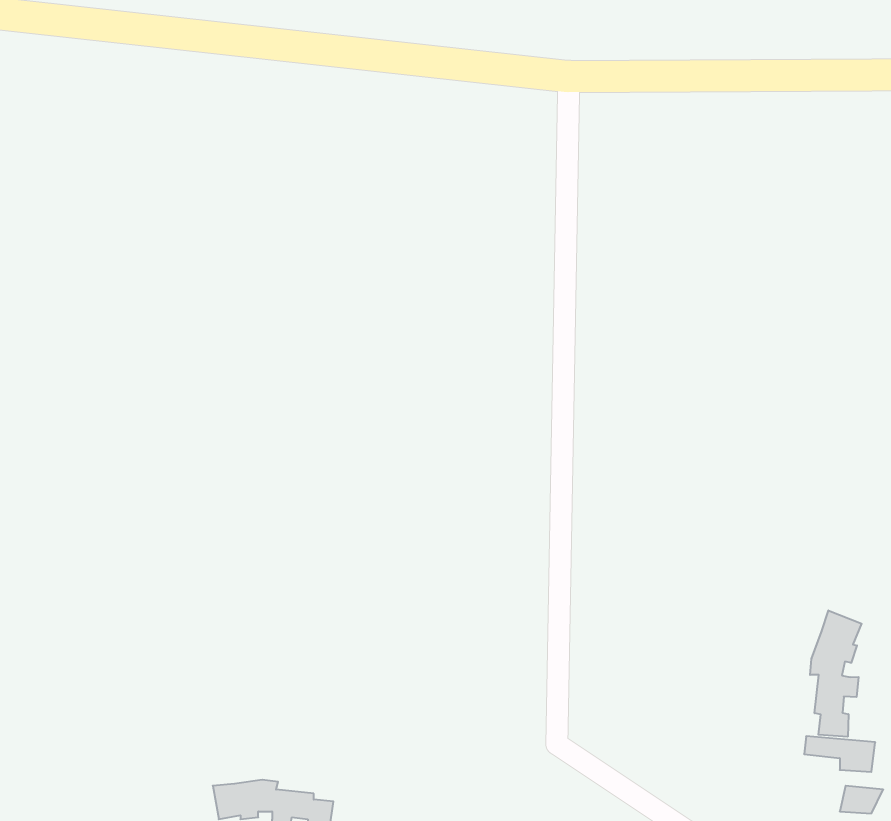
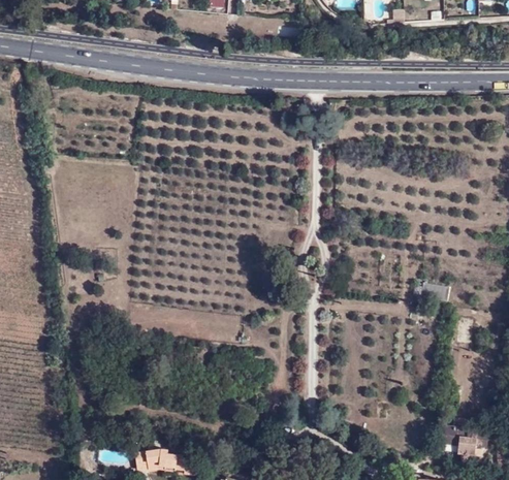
building: [810,610,862,737] -> none

